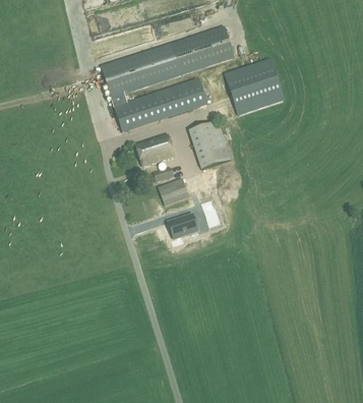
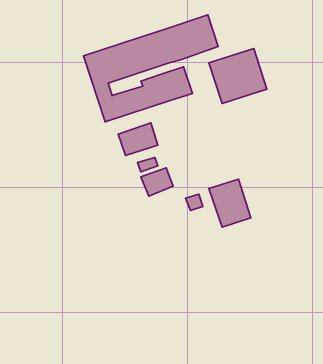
building: [188,120,230,168] -> [209,179,251,227]
building: [168,213,197,238] -> none

